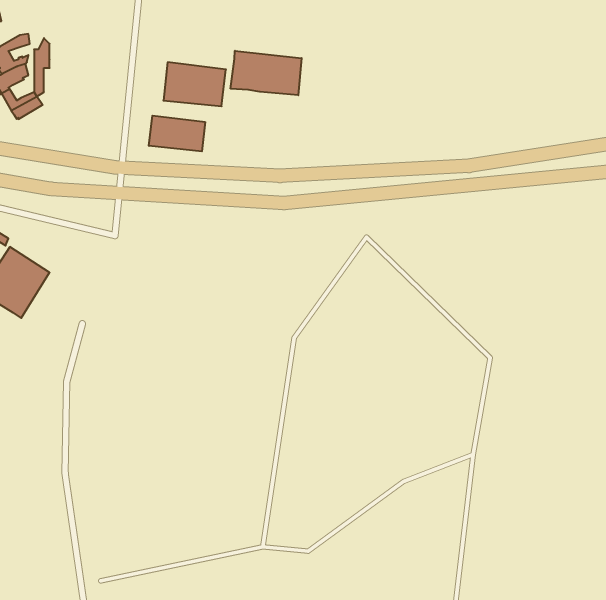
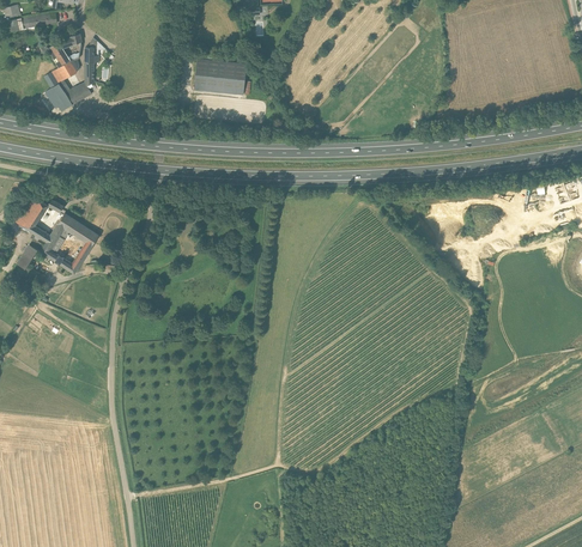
building: [231,51,302,95] -> none
building: [149,116,205,151] -> none

